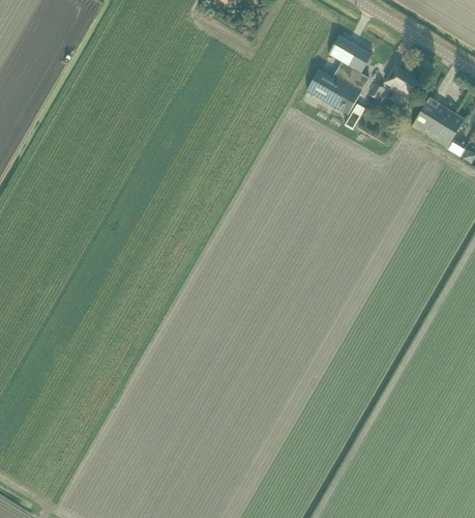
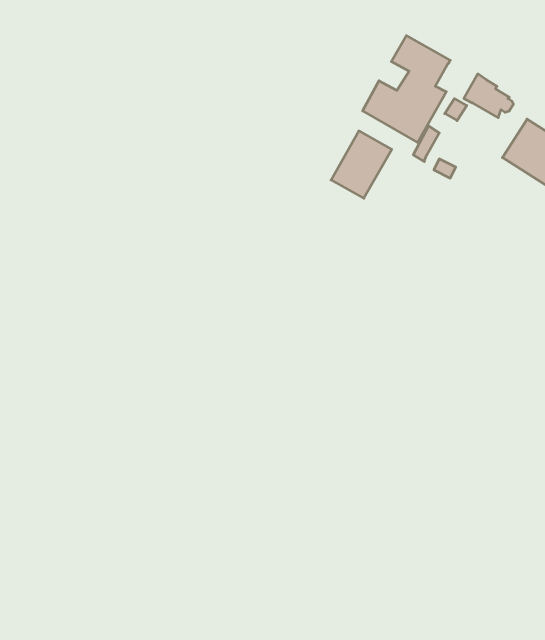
building: none -> [331,131,392,198]

